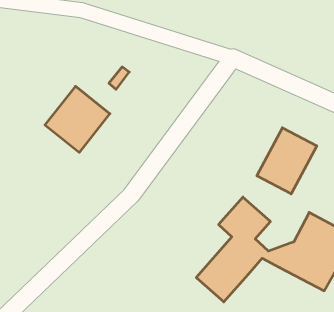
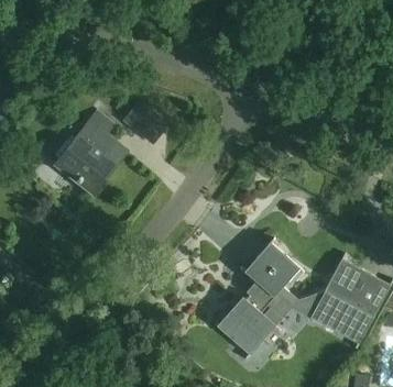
building: [257,128,317,194] -> none

